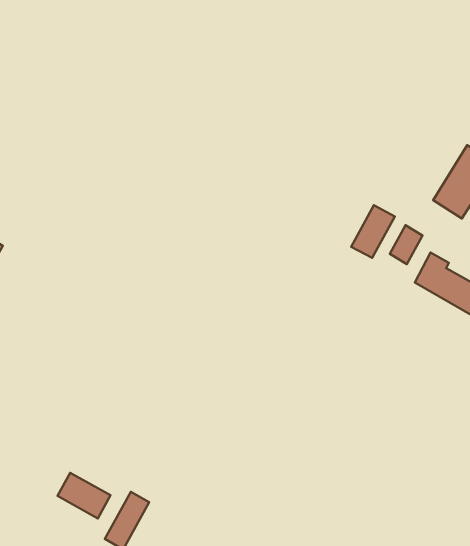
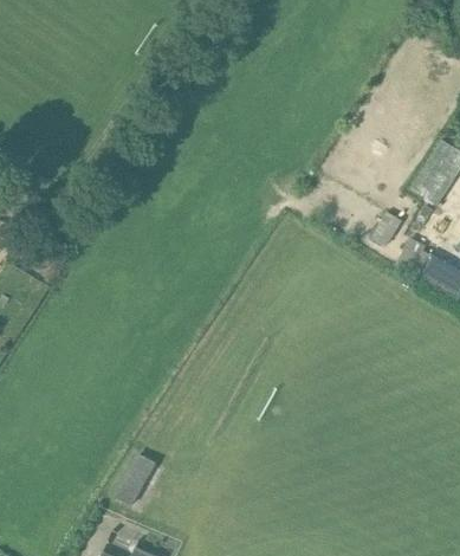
building: [351,205,395,258] -> none
building: [57,473,110,518] -> none

